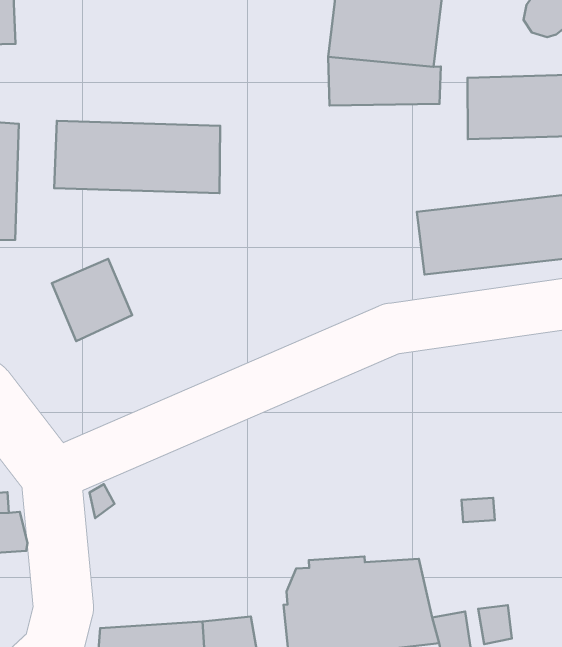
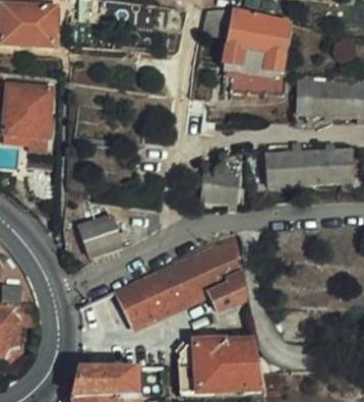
building: [54,121,220,193] -> none
building: none -> [198,167,237,208]
building: [52,259,132,341] -> [78,214,121,257]
building: none -> [116,233,246,326]

